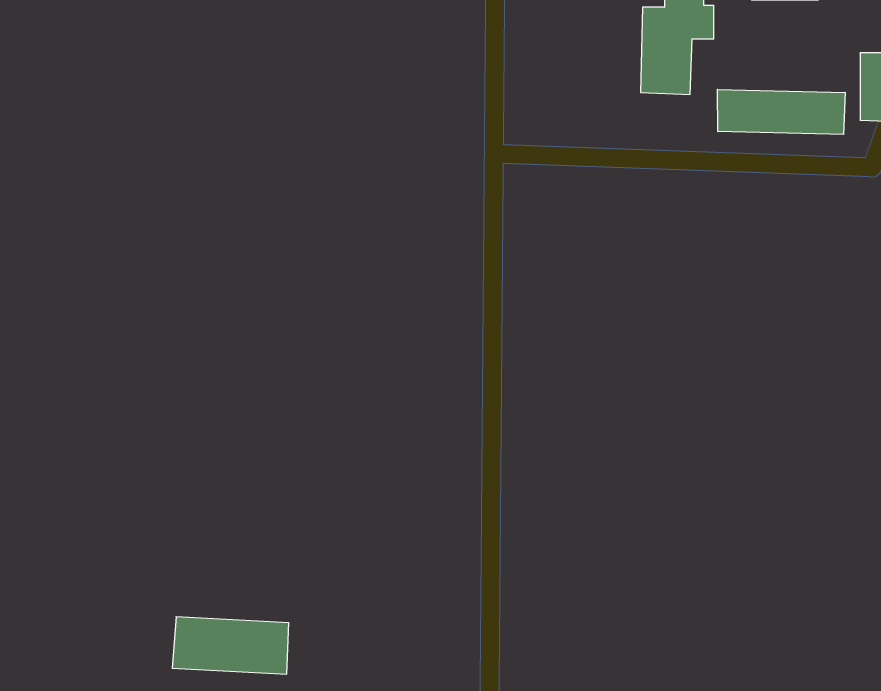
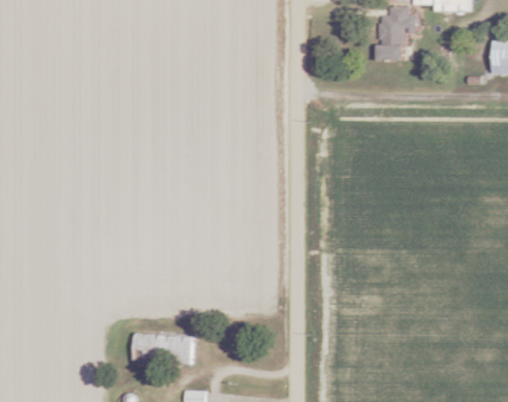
building: [717,89,845,134] -> none

